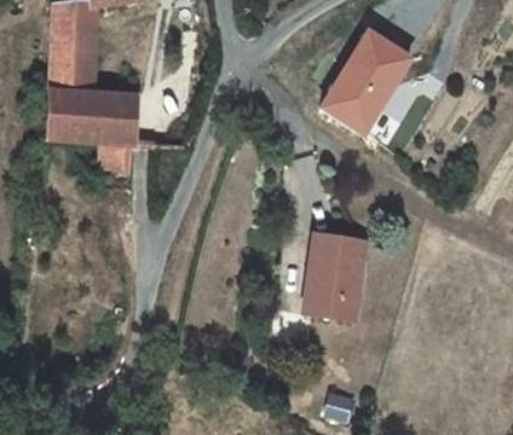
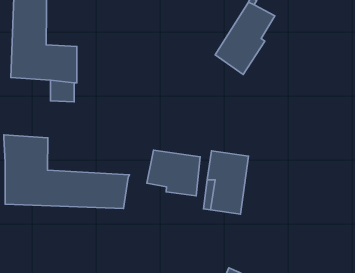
building: none -> [4,135,130,209]
building: none -> [147,150,200,196]

